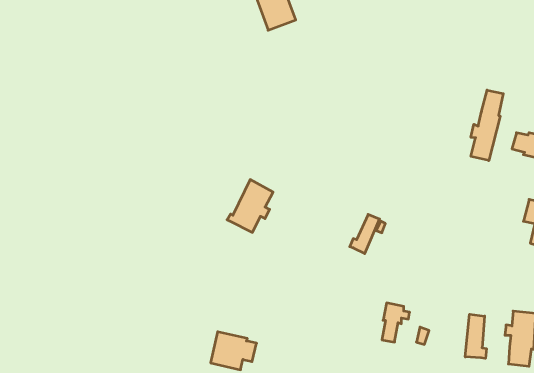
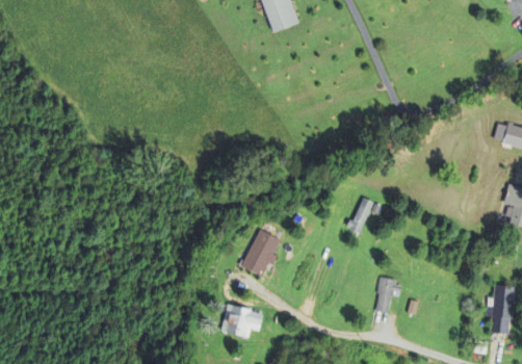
building: [471,90,503,161] -> none
building: [227,180,273,232] -> [238,229,280,277]
building: [465,314,486,358] -> none

